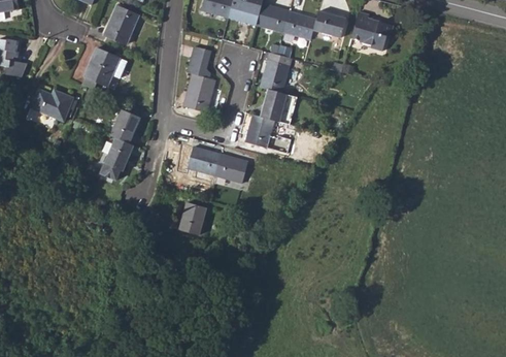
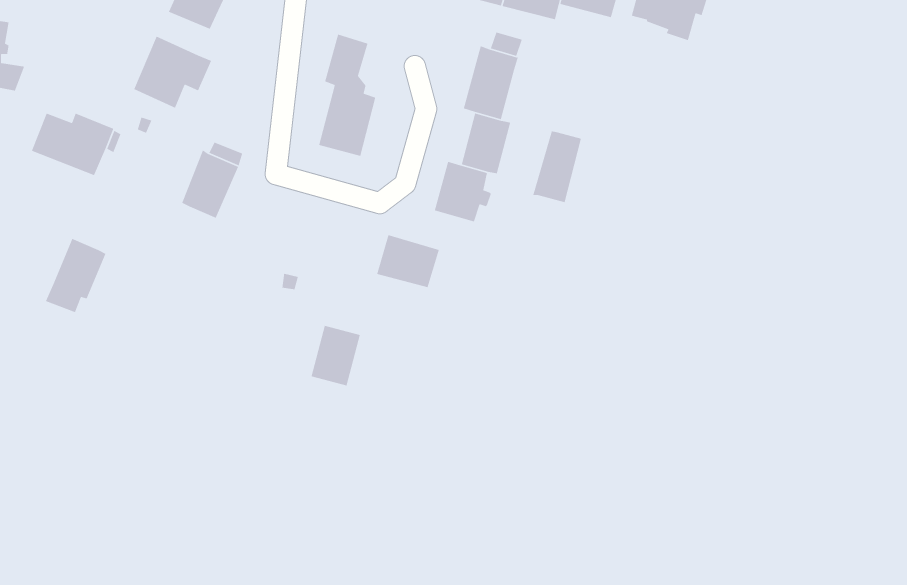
building: none -> [532,130,582,203]
building: [100,139,133,180] -> [45,238,106,313]
building: [188,147,221,175] -> none

